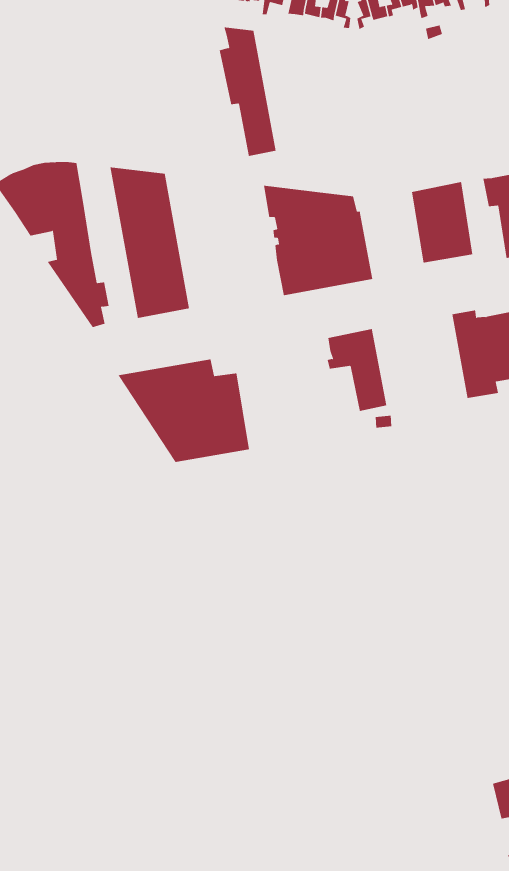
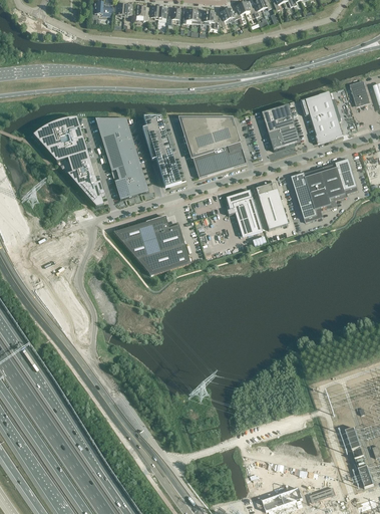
building: [219,27,277,156] -> [142,116,180,186]
building: none -> [256,183,288,229]

